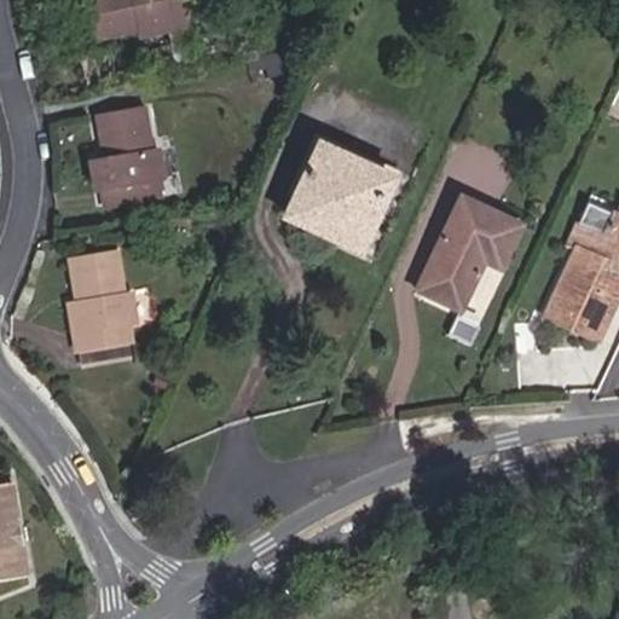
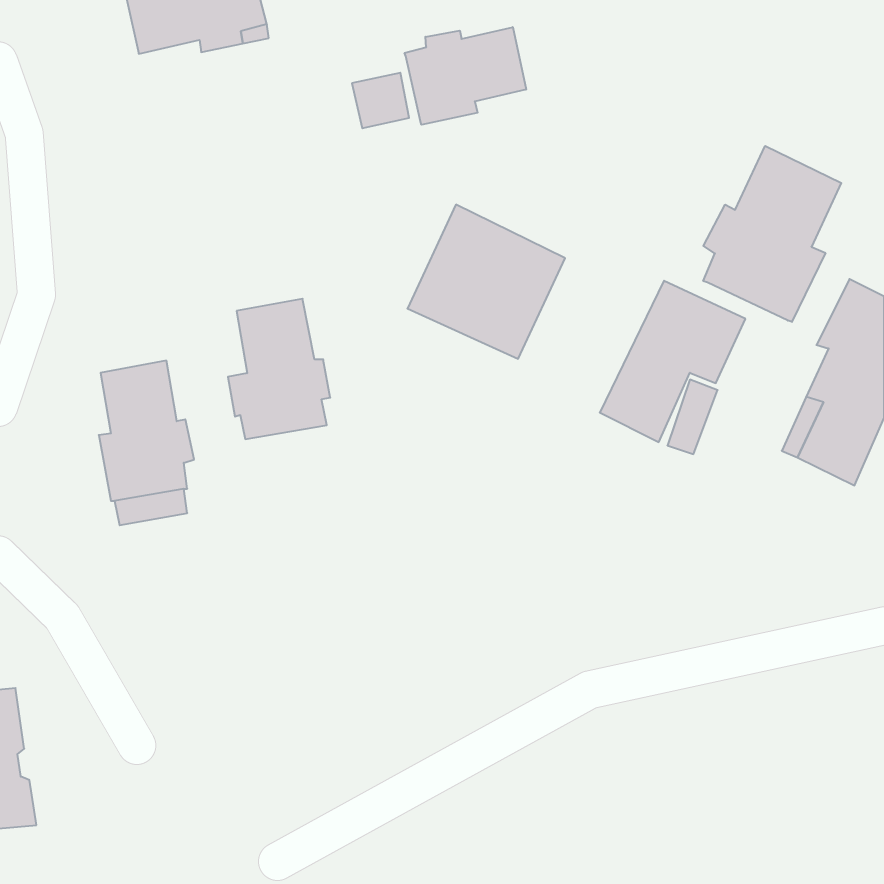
building: none -> [405,27,526,125]
building: none -> [703,146,841,322]
building: [92,108,163,206] -> [228,299,330,439]

